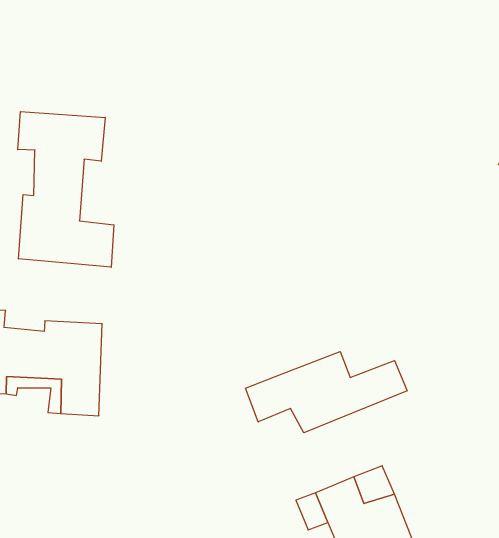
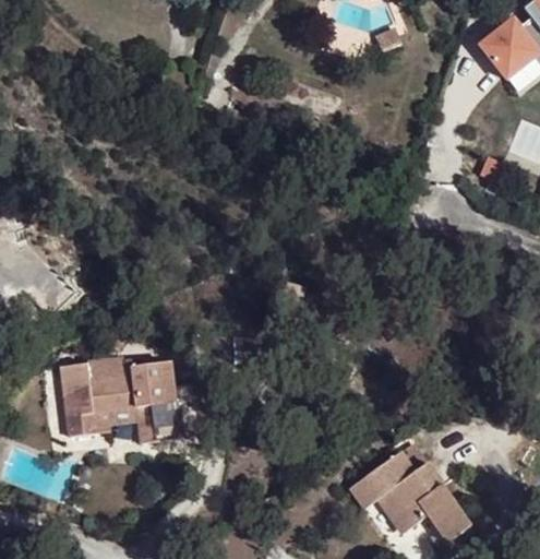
building: [18,112,114,267] -> none
building: [246,352,407,433] -> none

